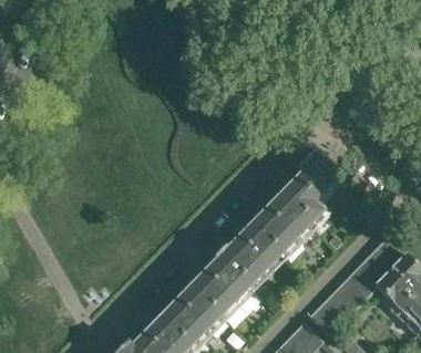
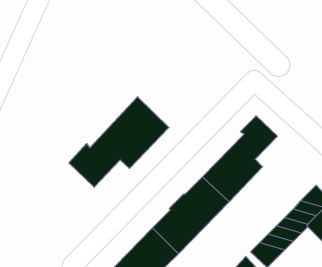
building: none -> [69,97,169,187]

